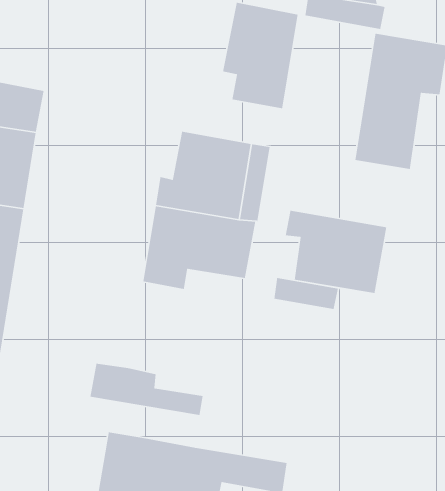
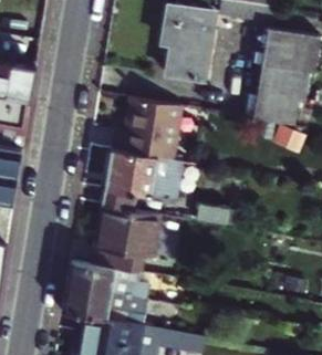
building: [285,210,387,294] -> none
building: none -> [93,206,160,275]
building: none -> [62,288,144,316]

